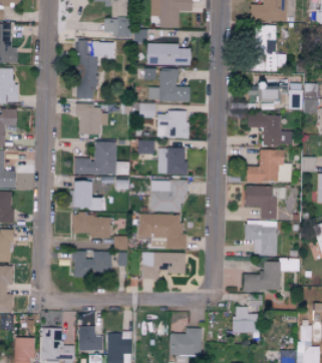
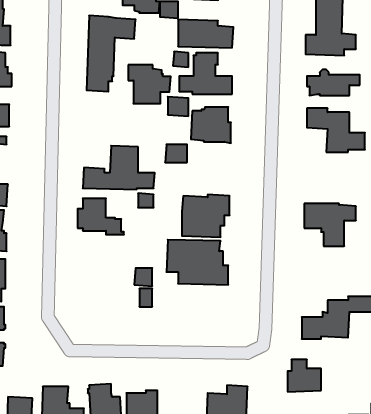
building: [75,104,108,134] -> [128,65,171,104]
building: [157,147,188,175] -> none
building: [247,149,292,183] -> none
building: [72,213,113,239] -> none
building: [245,221,277,257] -> none
building: [72,252,112,278] -> none
building: [141,253,186,280] -> none

